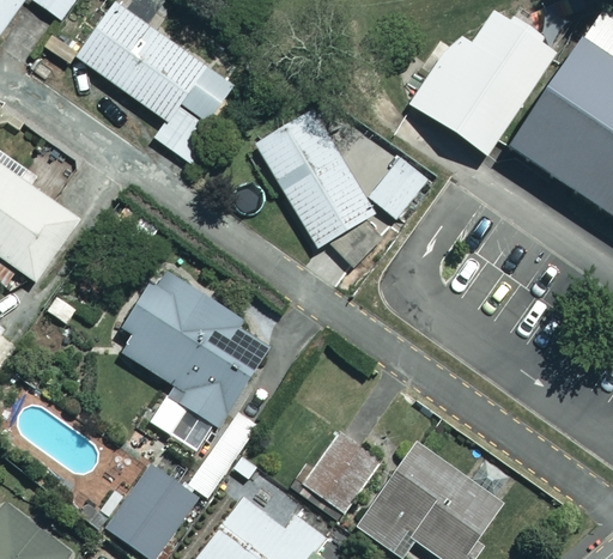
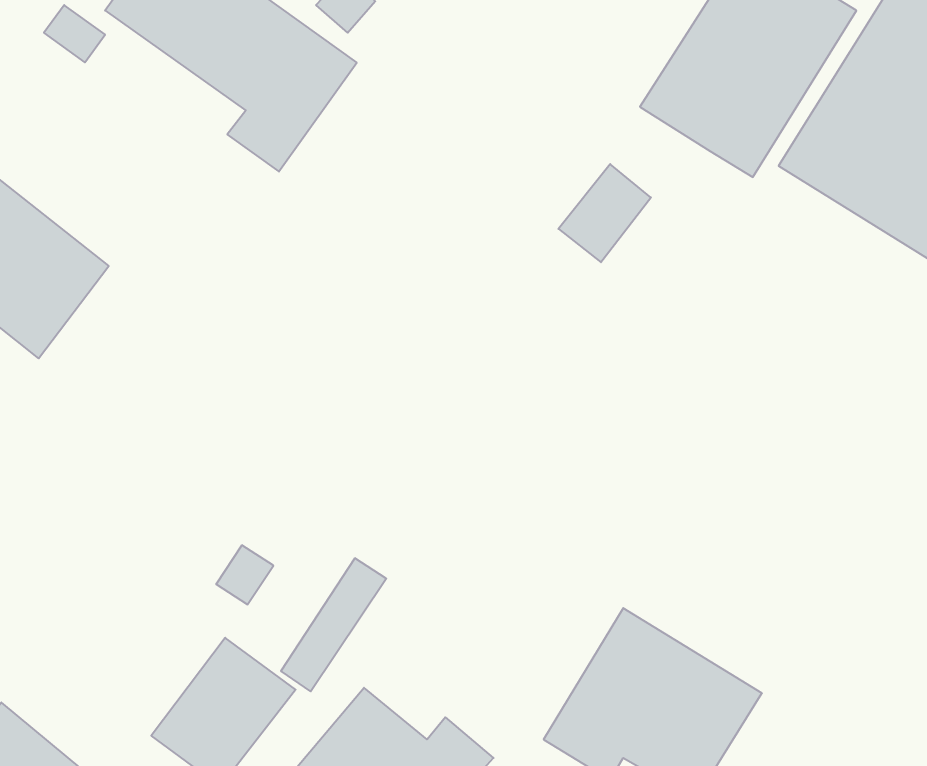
building: [254,110,374,245] -> none
building: [110,271,269,425] -> none
building: [306,435,377,509] -> none

